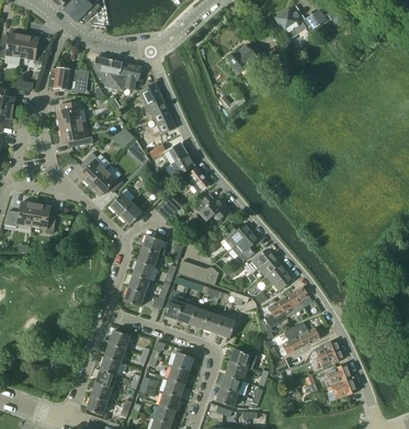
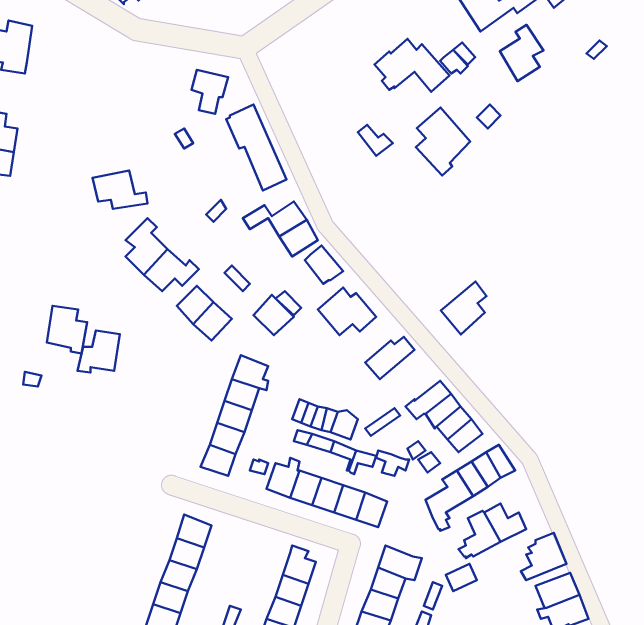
building: none -> [500,25,543,81]
building: [20,36,44,65] -> none
building: [93,57,125,91] -> none
building: [47,68,87,90] -> none
building: none -> [416,108,470,176]
building: [56,101,82,127] -> none
building: [10,202,35,227] -> [78,331,120,373]
building: [231,230,259,262] -> [441,281,487,334]

